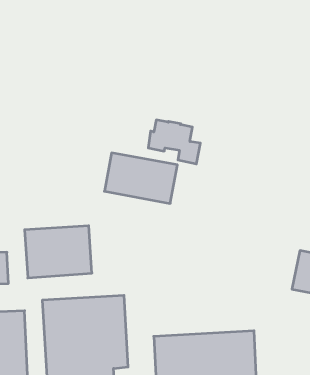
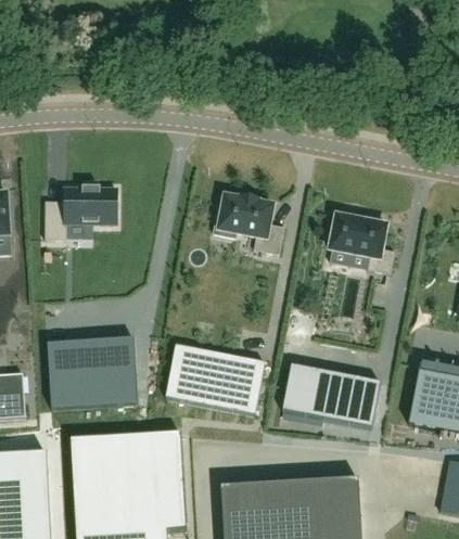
building: none -> [46,185,117,238]
building: none -> [328,214,395,272]
building: [104,153,177,203] -> [166,344,265,412]
building: none -> [282,363,381,426]

